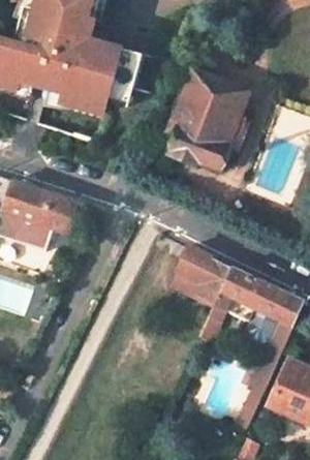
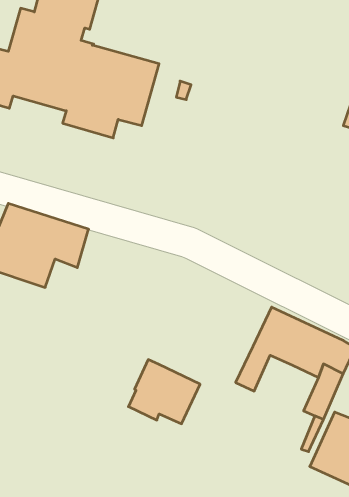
building: [170,67,247,164] -> none
building: [174,245,234,299] -> [128,360,200,424]

